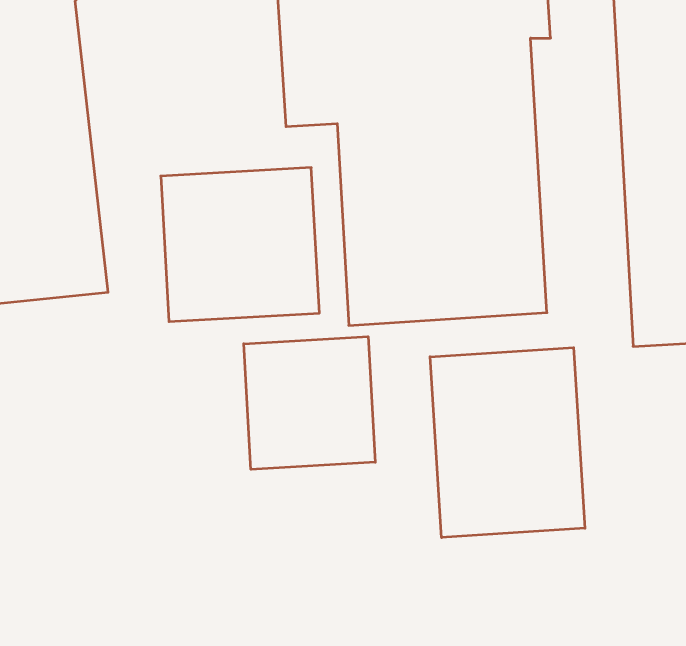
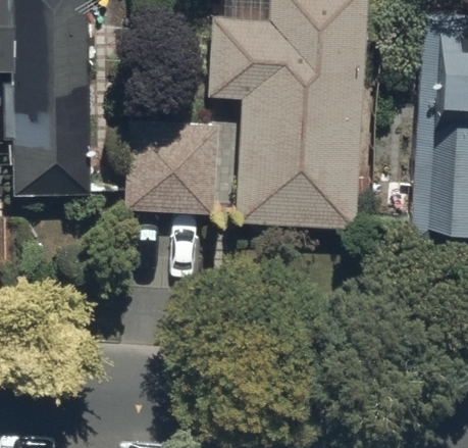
building: [244,337,375,469] -> none
building: [430,348,585,538] -> none

